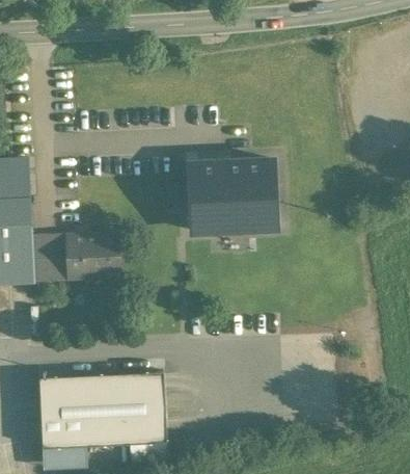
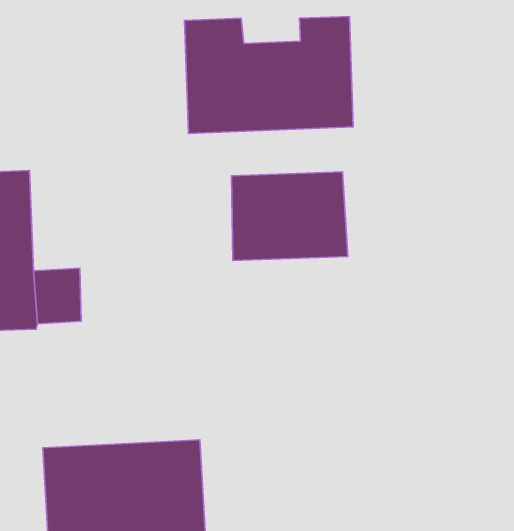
building: none -> [185,16,353,133]
building: [67,234,118,278] -> none

